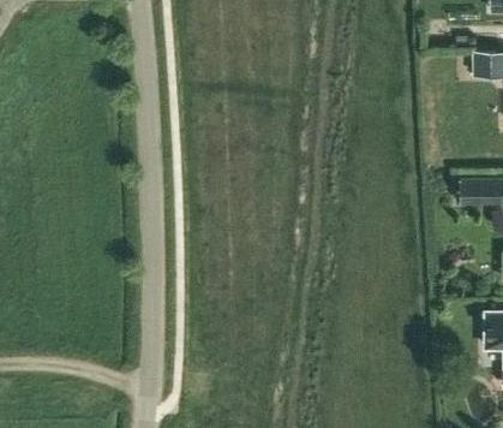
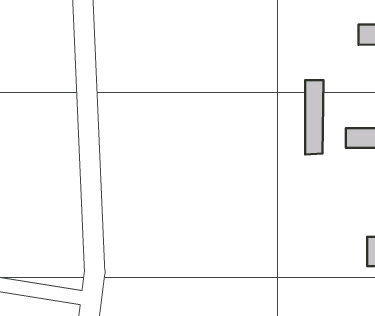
building: none -> [305,80,323,155]

